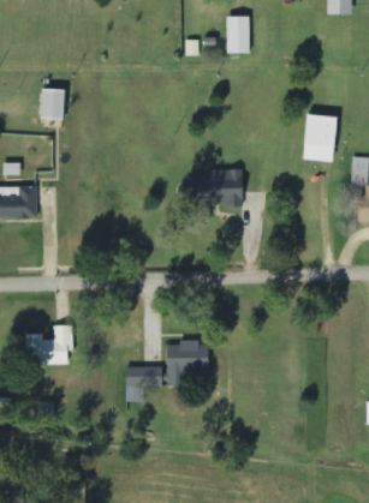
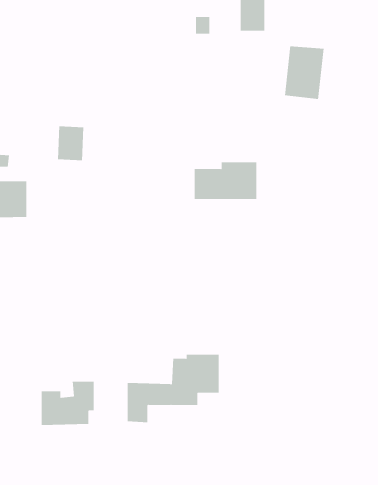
building: [40,88,64,119] -> [57,126,84,161]
building: [300,114,337,162] -> [284,46,324,100]
building: [25,325,73,365] -> [41,381,95,426]

